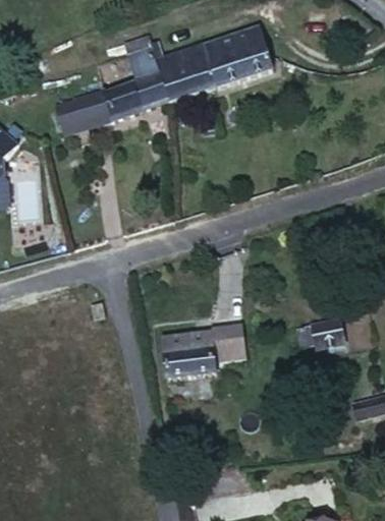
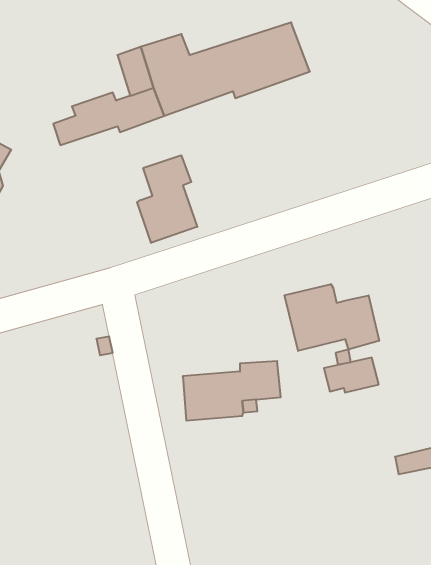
building: none -> [137,155,197,243]
building: none -> [285,284,379,351]

